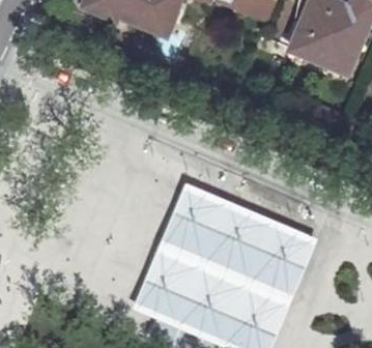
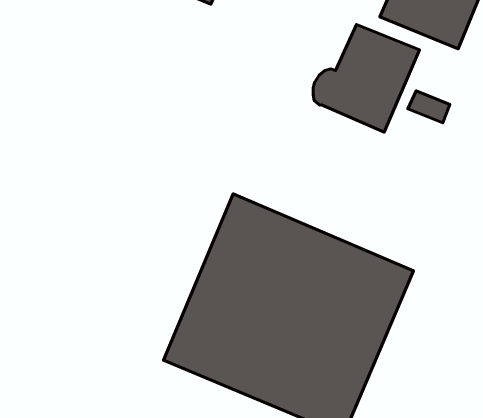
building: none -> [313,24,420,132]

